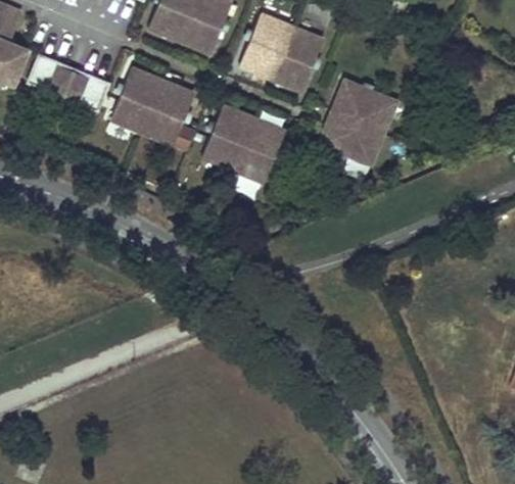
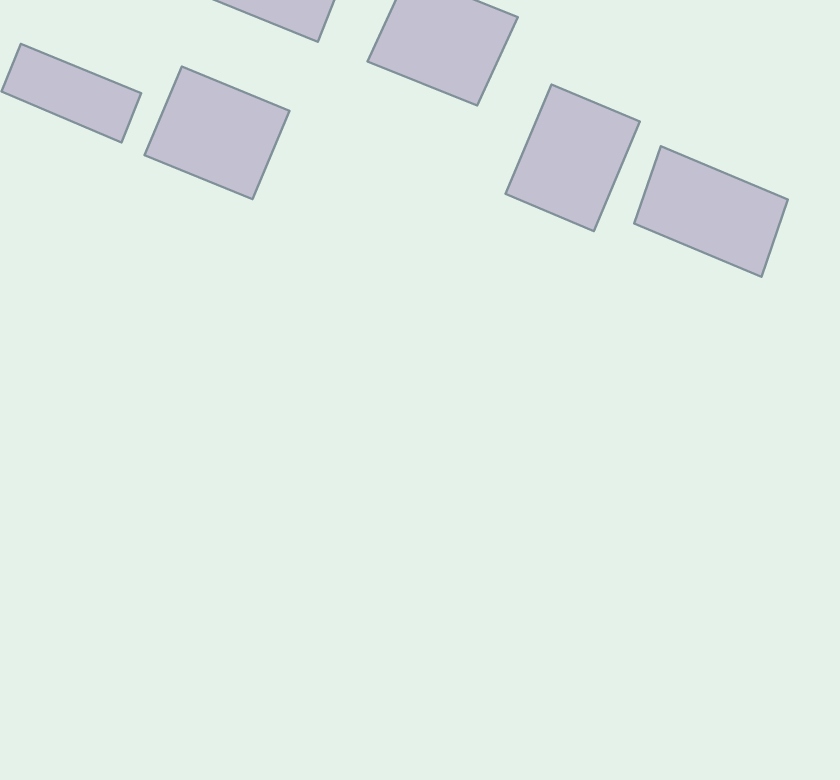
building: [201,105,285,183] -> none
building: none -> [634,146,788,277]

